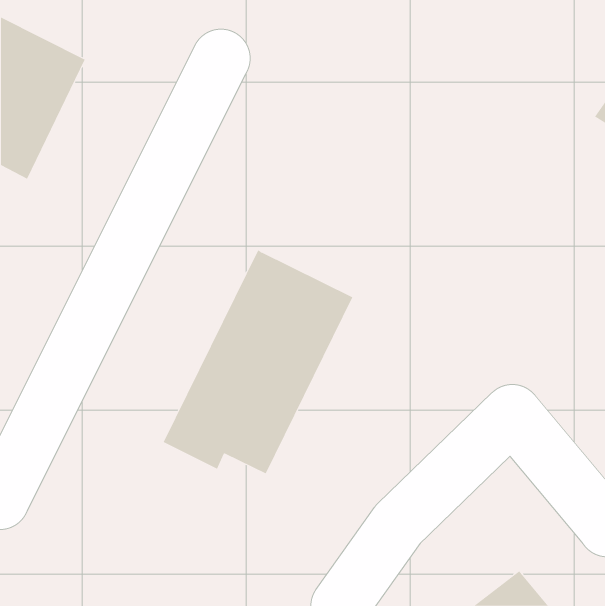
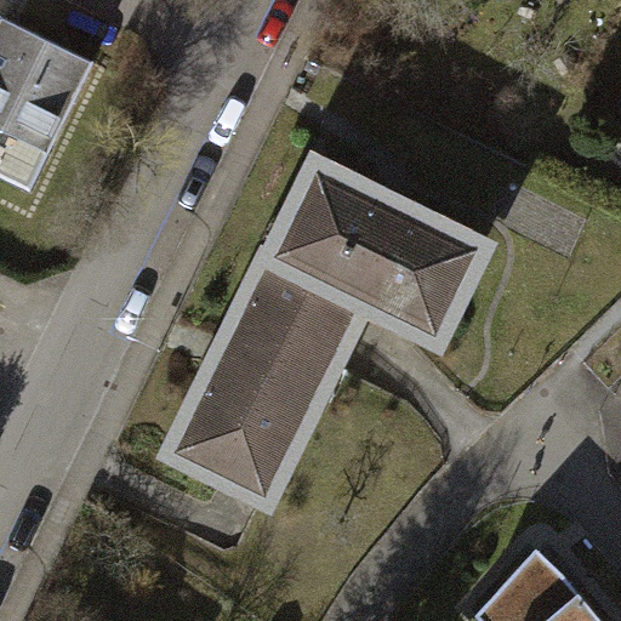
building: none -> [269,164,486,332]

